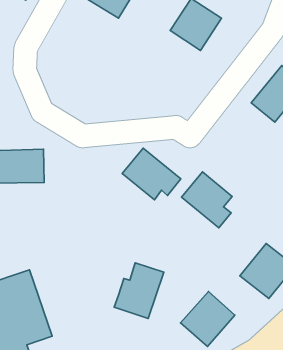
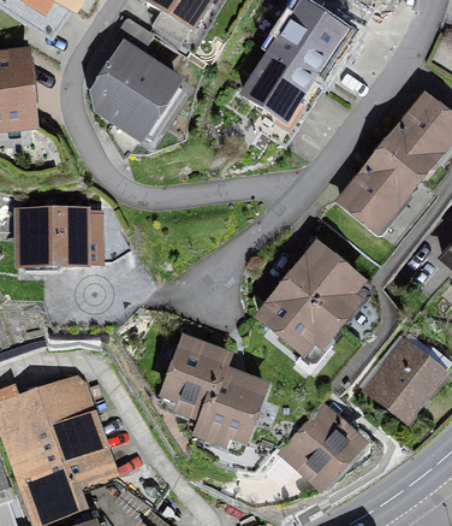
building: none -> [244,48,315,119]
building: none -> [95,51,177,130]
building: none -> [344,148,417,226]
building: [122,148,181,200] -> [260,278,340,349]
building: none -> [166,338,231,413]

